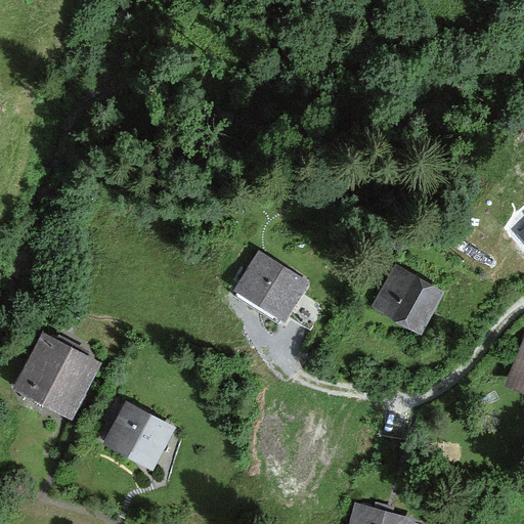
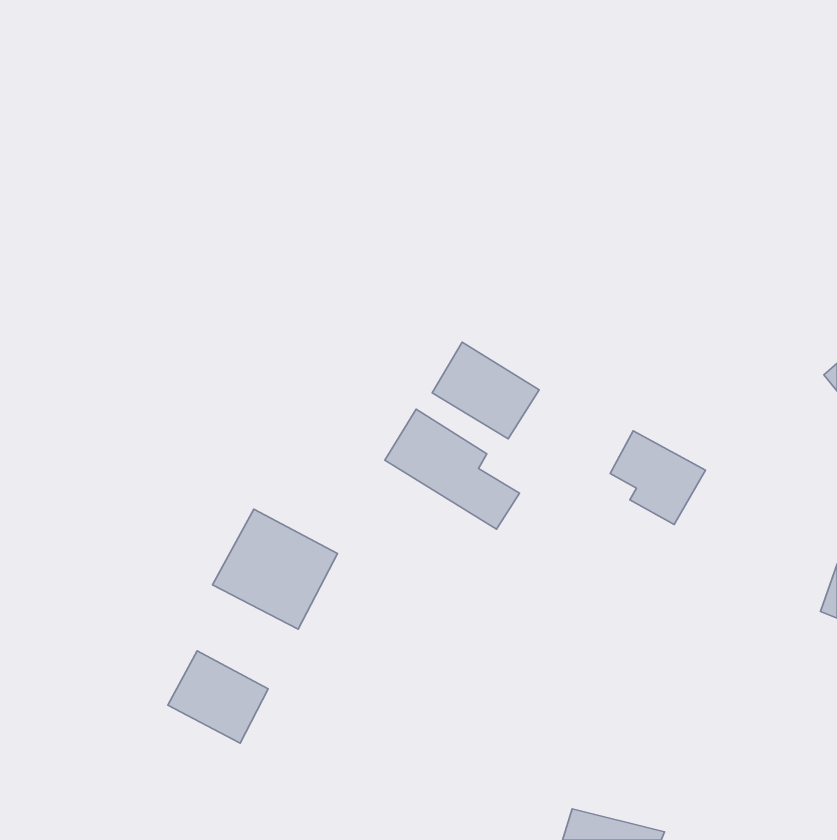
building: none -> [432,342,539,439]
building: [16,337,94,411] -> [213,509,338,629]

